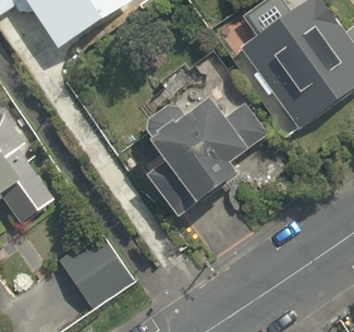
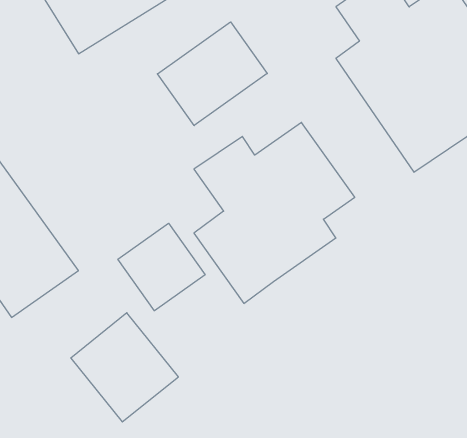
building: none -> [157,22,267,126]
building: none -> [118,223,205,311]

